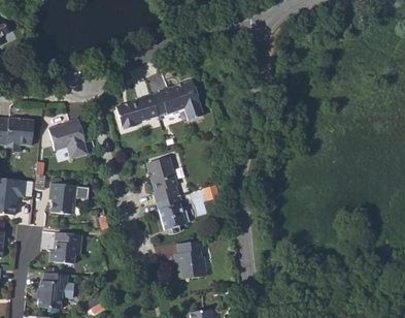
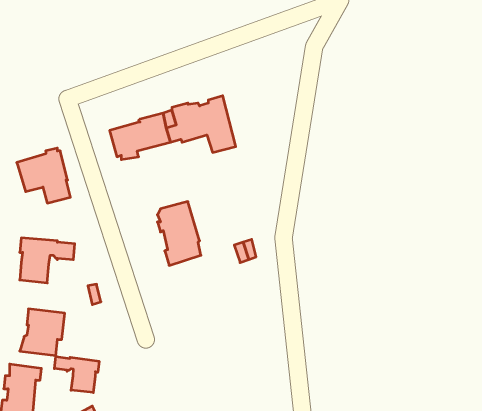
building: [160,193,191,233] -> none
building: [175,240,206,278] -> none
building: none -> [54,357,99,393]

